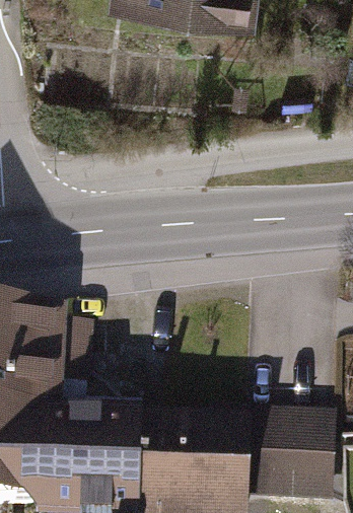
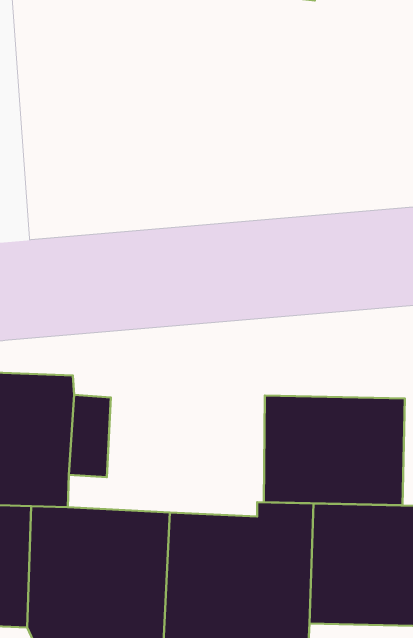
building: none -> [264,395,405,505]

